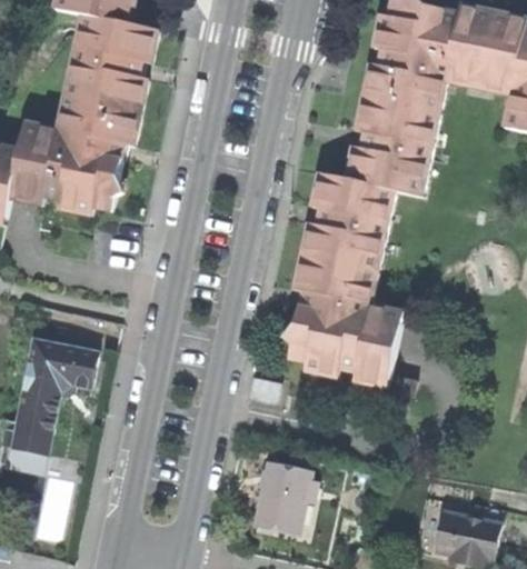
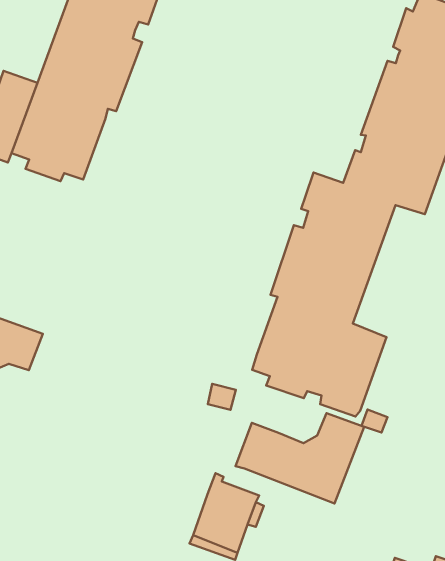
building: none -> [236,413,364,503]

